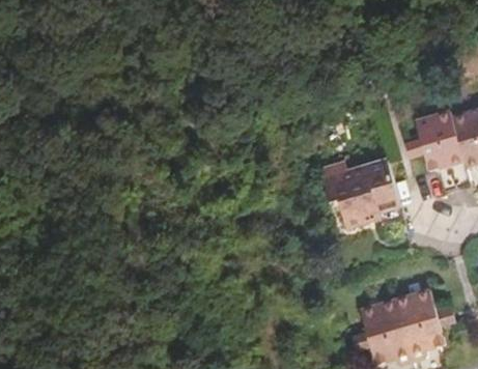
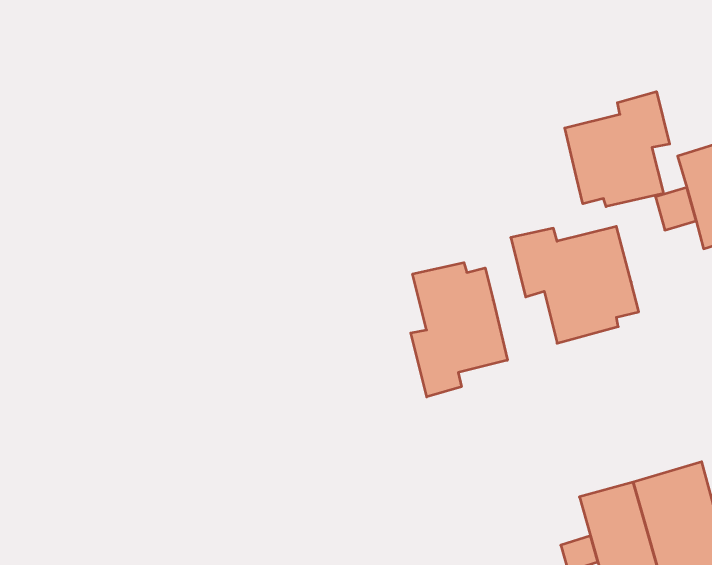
building: none -> [565,92,670,207]
building: none -> [411,263,507,397]

